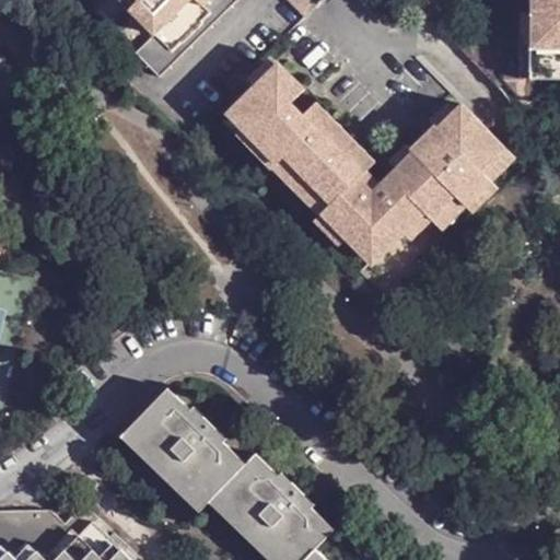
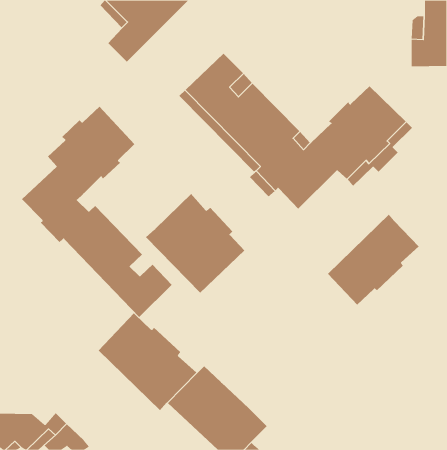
building: none -> [21,106,172,318]
building: none -> [145,193,245,294]
building: none -> [327,214,420,306]

